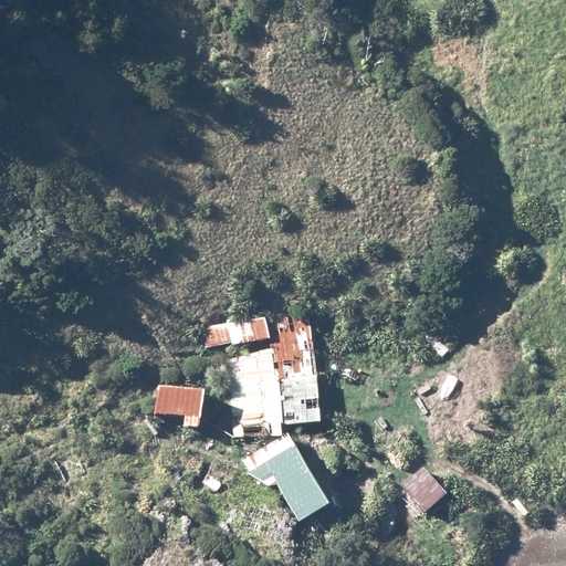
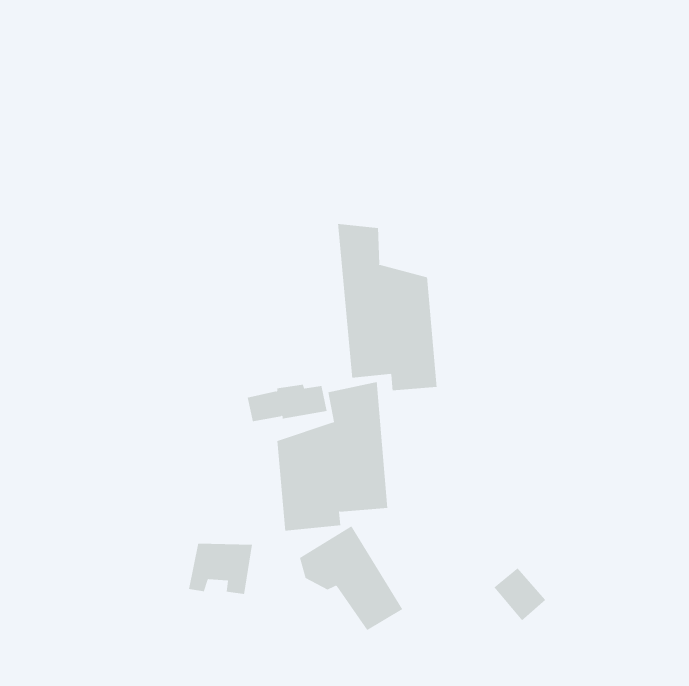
building: none -> [338,223,437,391]
building: [153,386,206,428] -> [188,543,253,594]

